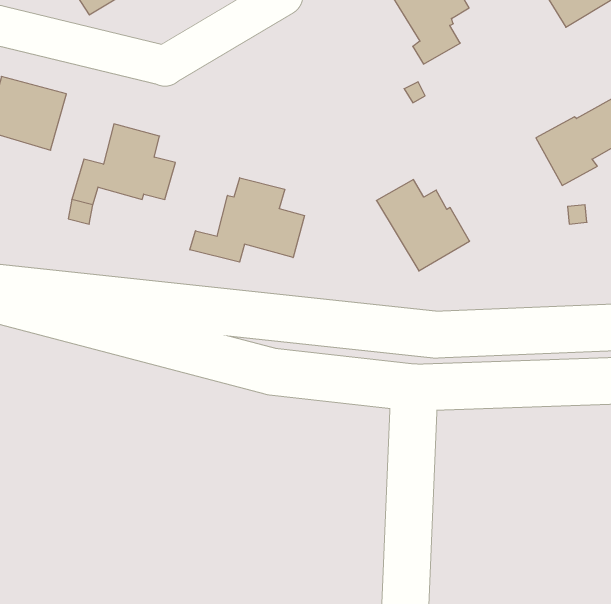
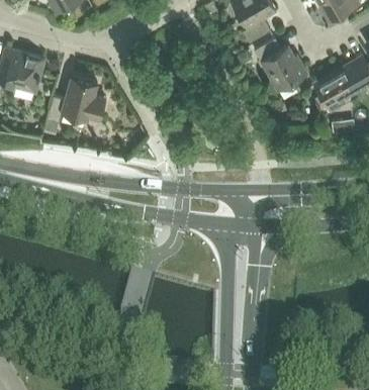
building: [190,178,304,262] -> none
building: [376,180,470,271] -> [254,36,307,89]

